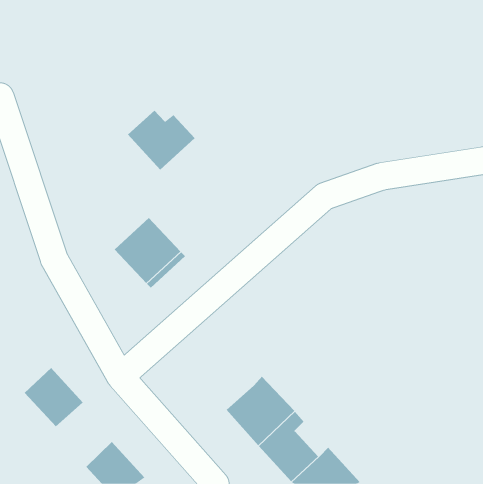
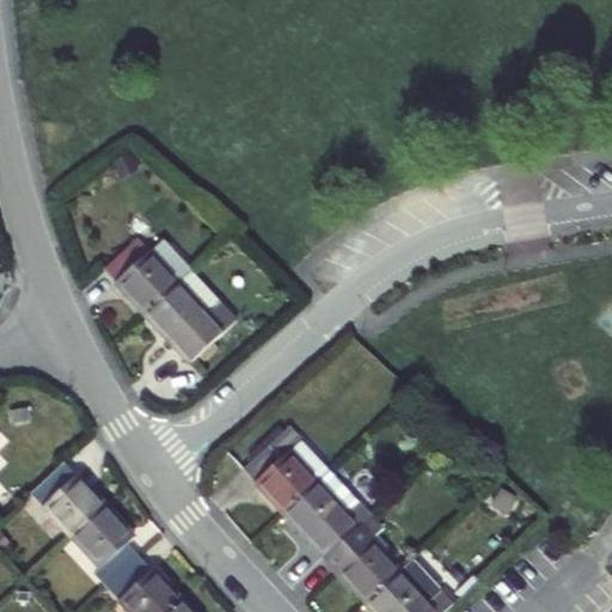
building: [127,110,195,170] -> [104,238,190,314]
building: none -> [244,428,332,516]
building: none -> [73,507,143,588]

